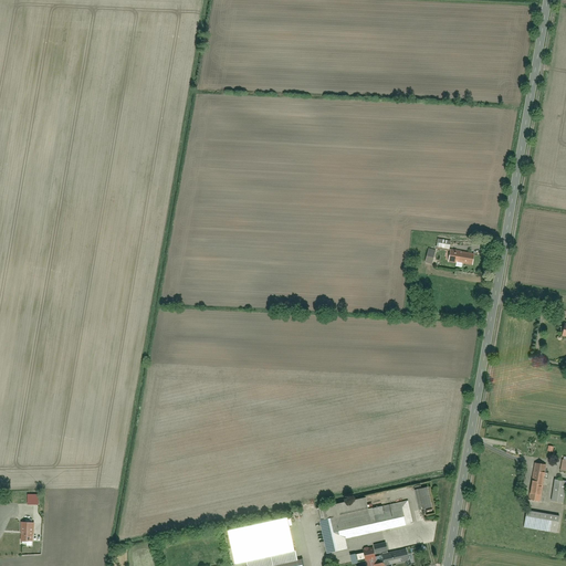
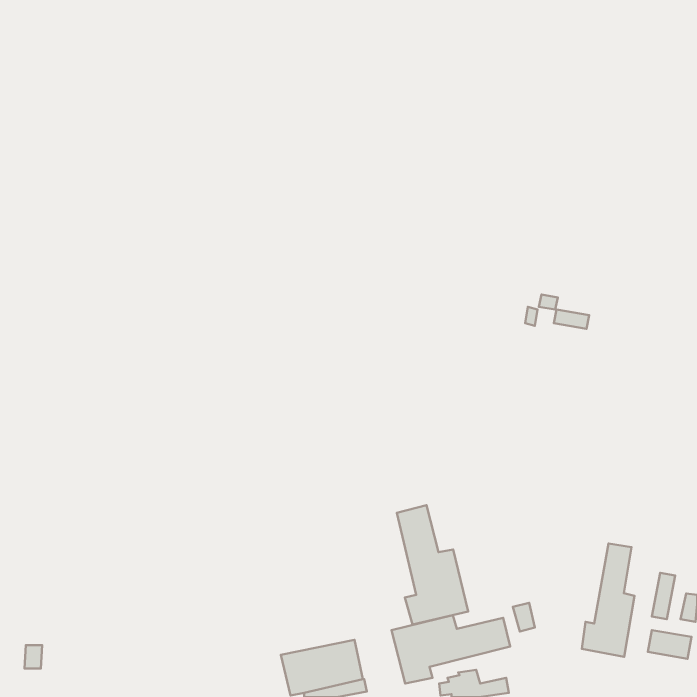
building: none -> [397,505,468,625]
building: none -> [582,544,635,657]

